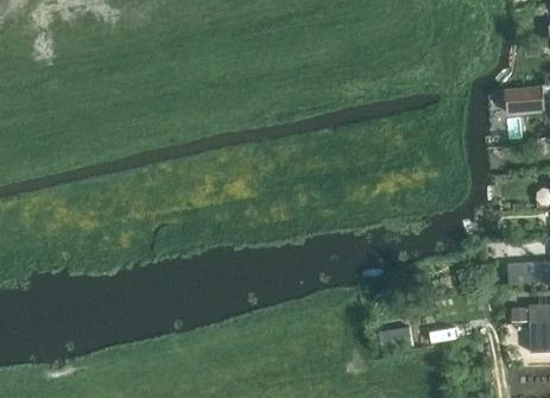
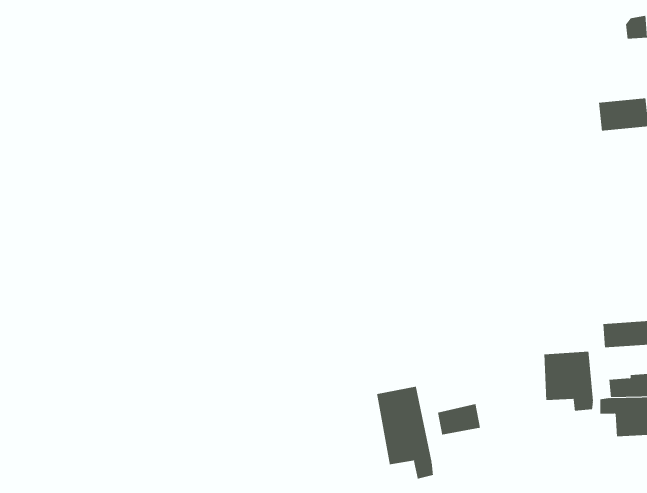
building: none -> [544,351,593,411]
building: none -> [376,386,433,479]

